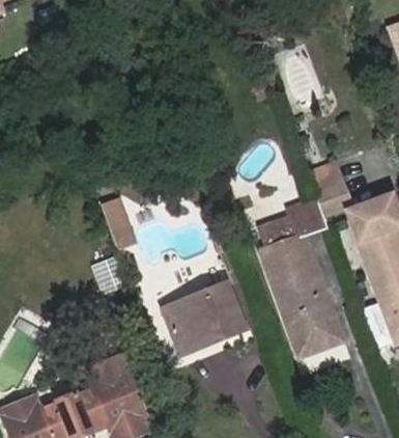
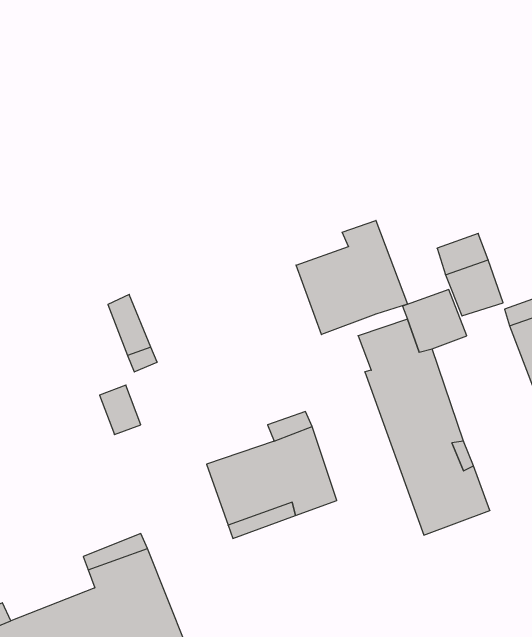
building: none -> [296,220,407,335]

